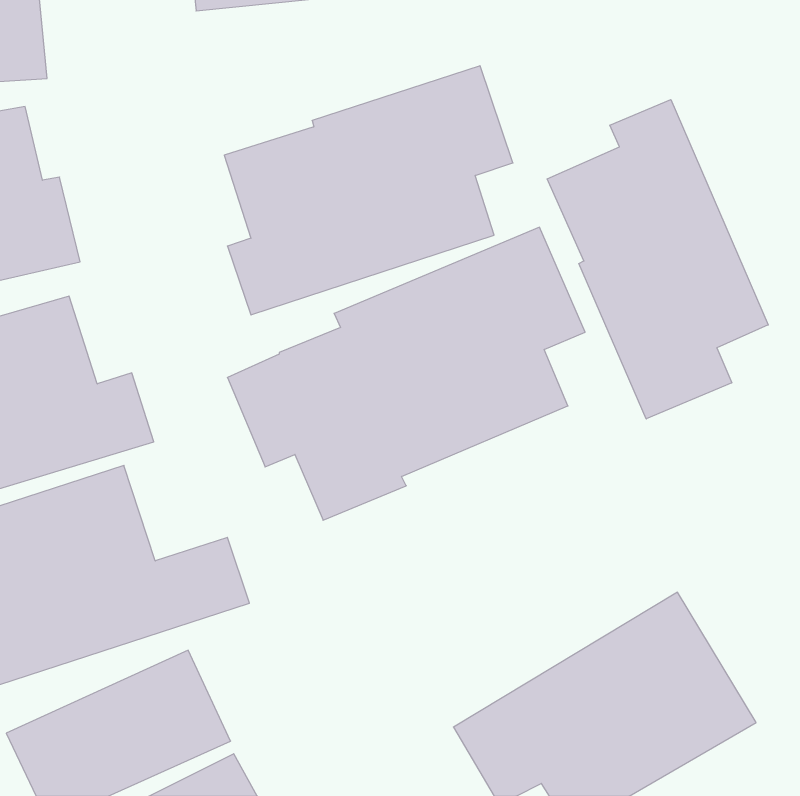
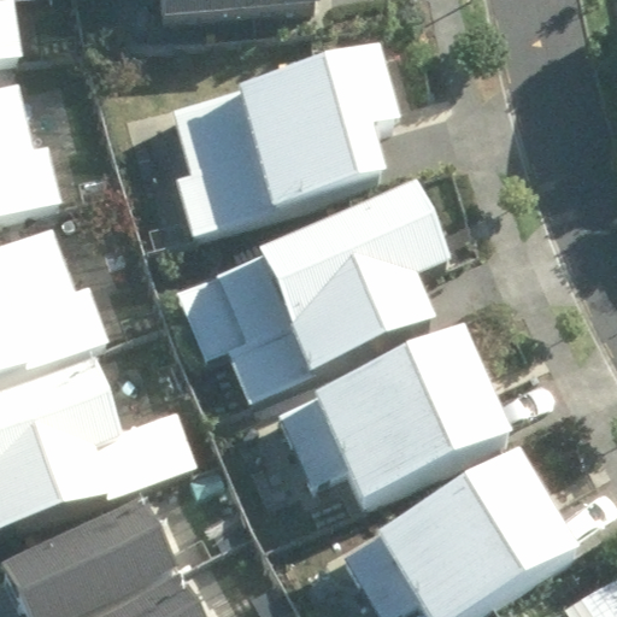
building: [547,100,768,419] -> none
building: none -> [282,333,515,506]

